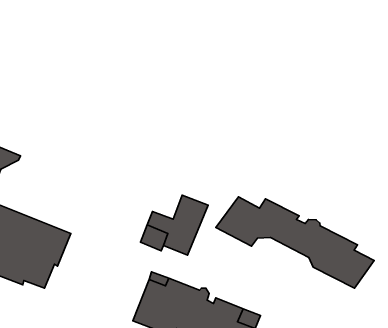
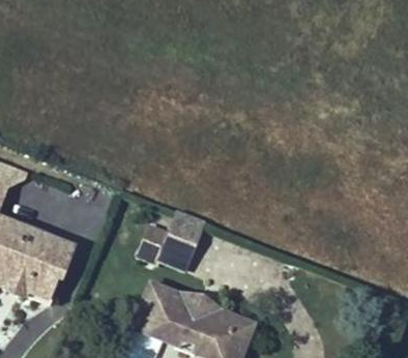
building: [216,197,374,288] -> none

